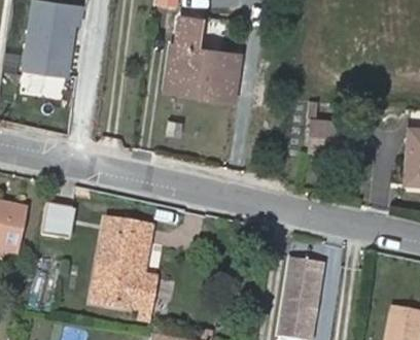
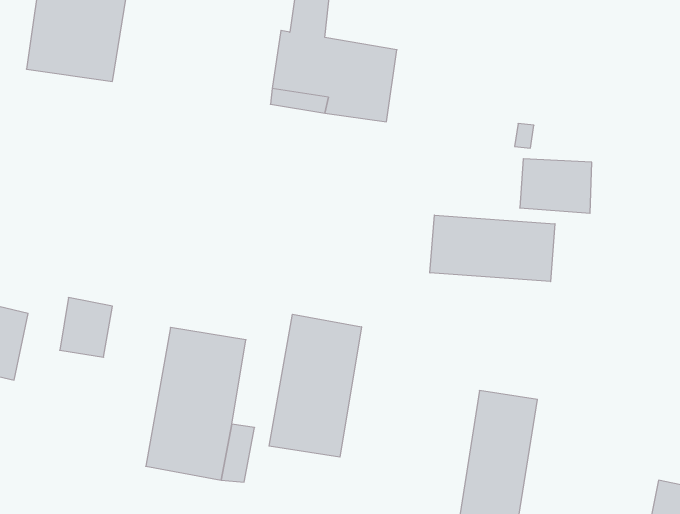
building: none -> [430,215,555,282]
building: none -> [269,314,361,457]

